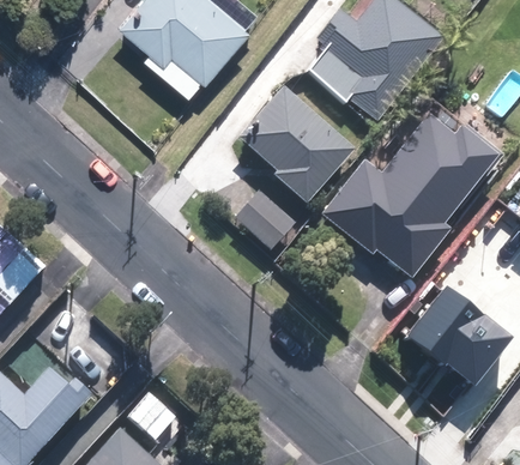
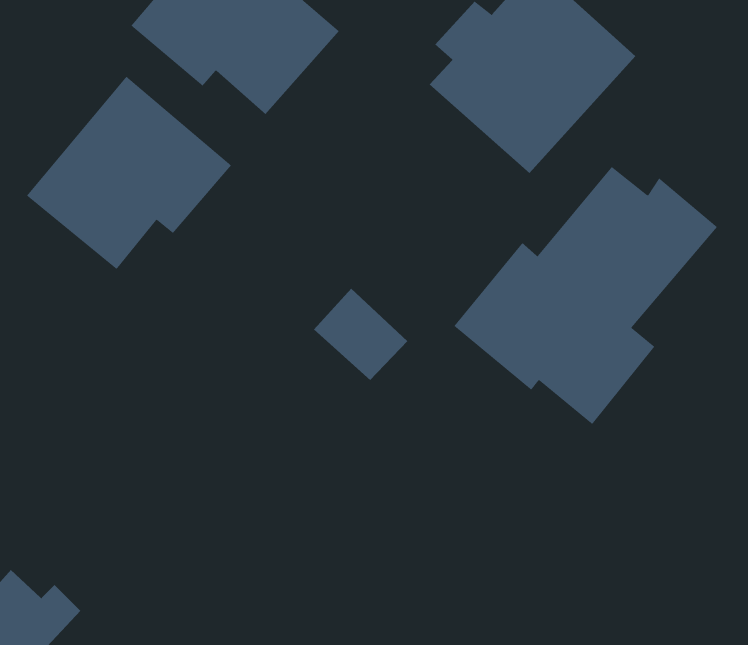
building: none -> [26,76,232,270]
building: [242,89,356,204] -> none
building: [398,286,503,389] -> none

